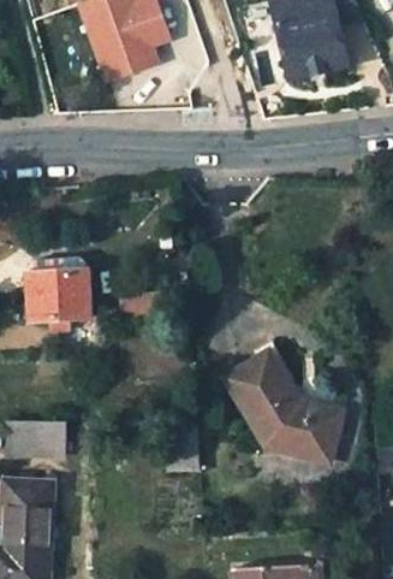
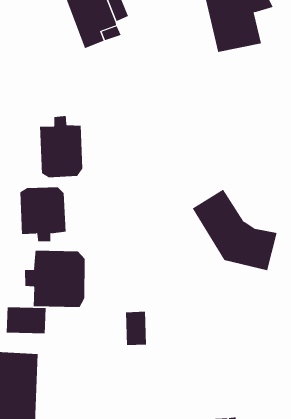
building: none -> [40,115,83,178]
building: none -> [25,250,85,308]
building: [226,354,340,463] -> [192,189,278,271]

